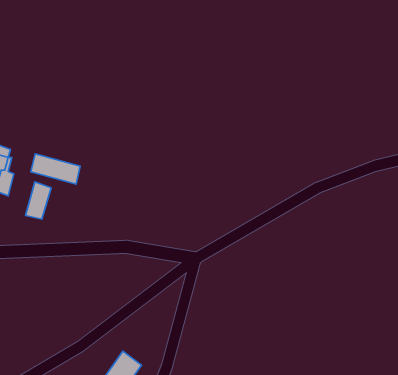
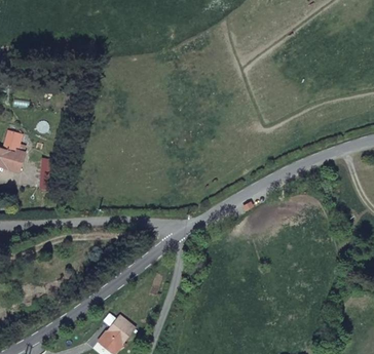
building: [31,154,80,184] -> none

